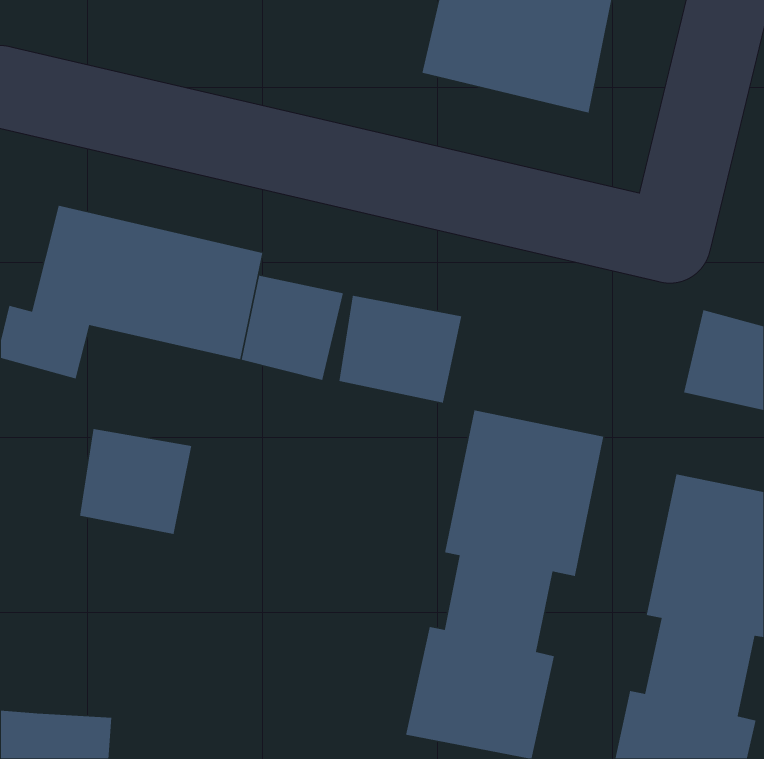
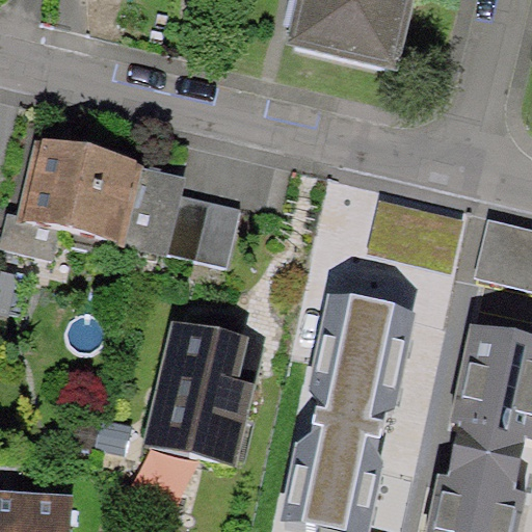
building: [338,295,462,404] -> none
building: [79,428,192,535] -> none
building: none -> [147,321,265,467]

